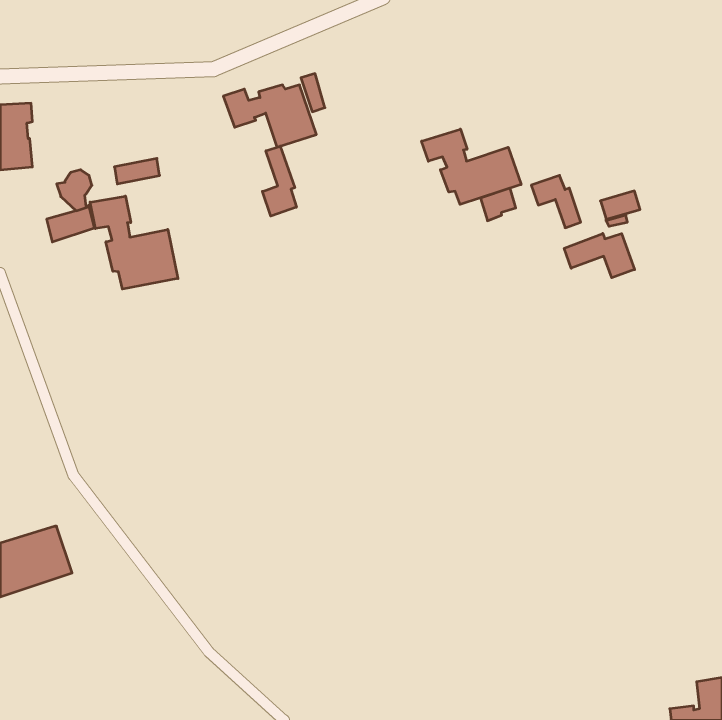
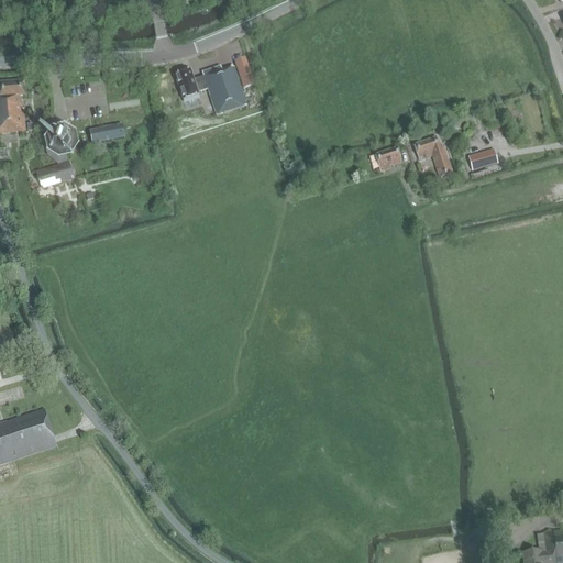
building: [422,129,521,204] -> none
building: [262,146,296,216] -> none
building: [90,196,178,289] -> none
building: [564,233,635,278] -> none

